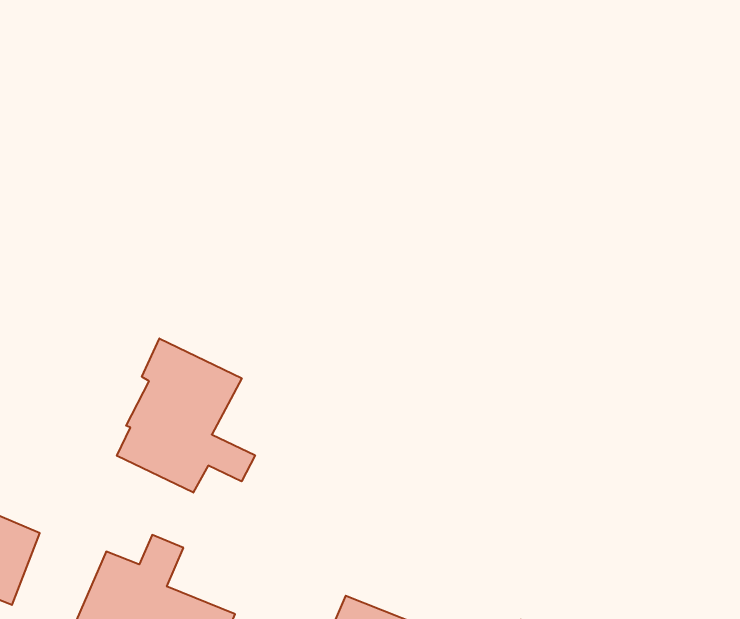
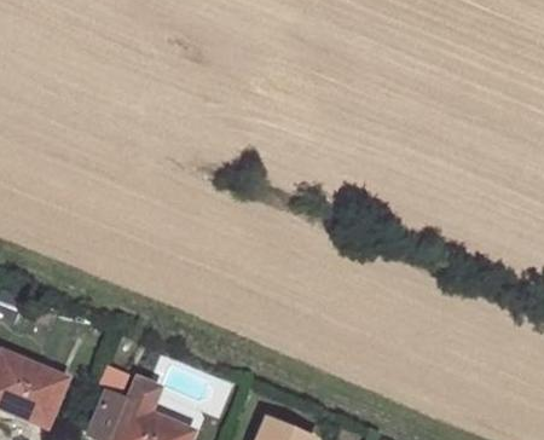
building: [117,338,255,493] -> none

